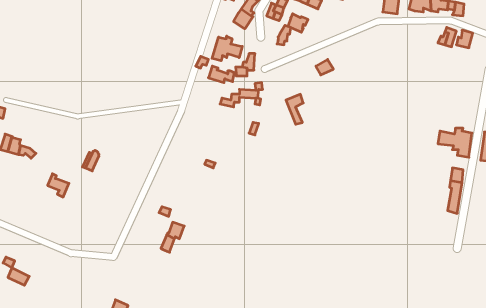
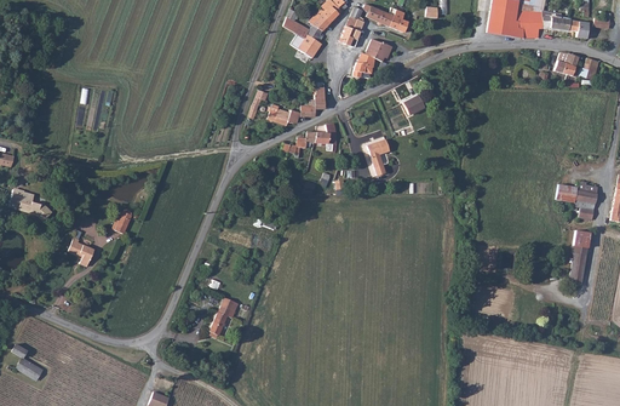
building: [212,36,242,61] -> none

